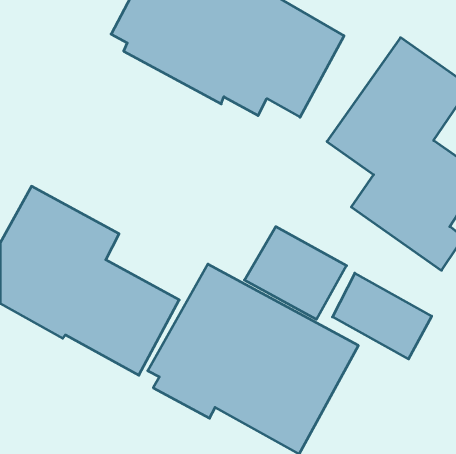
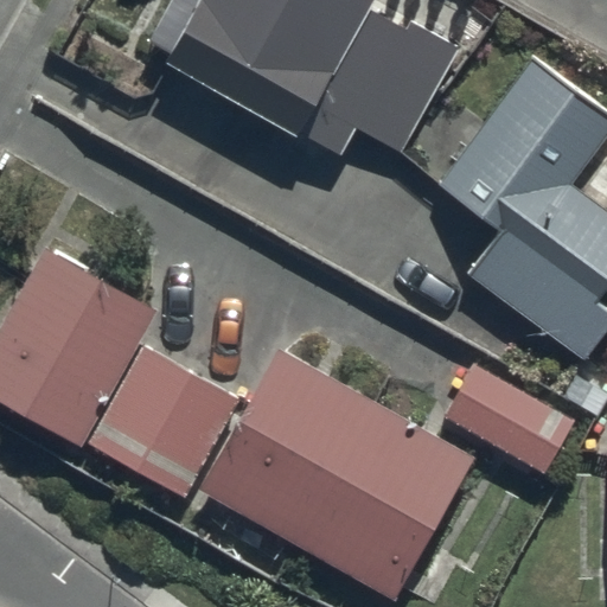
building: [244,227,347,319] -> none

